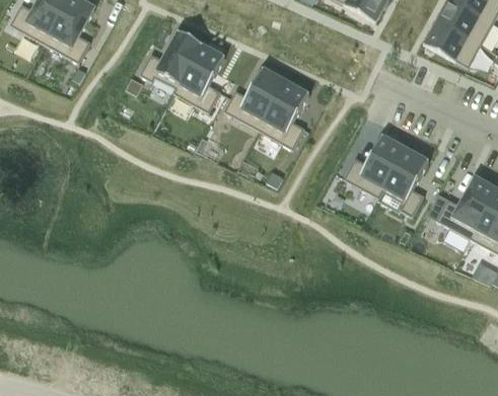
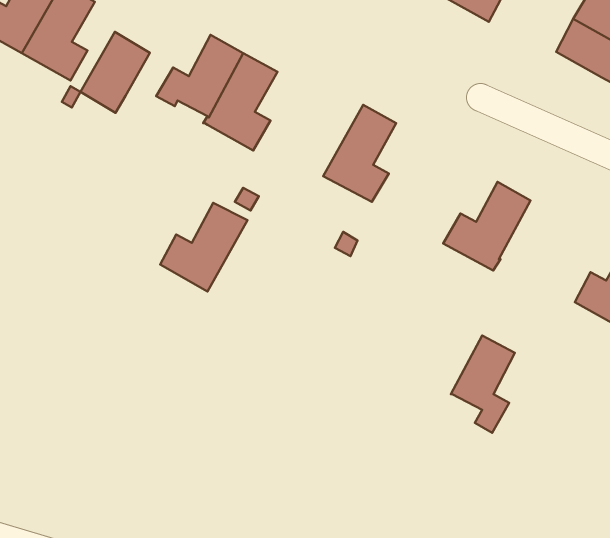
building: none -> [80,32,150,113]
building: [225,67,287,130] -> [160,203,247,292]
building: [383,147,429,216] -> [451,336,515,433]

